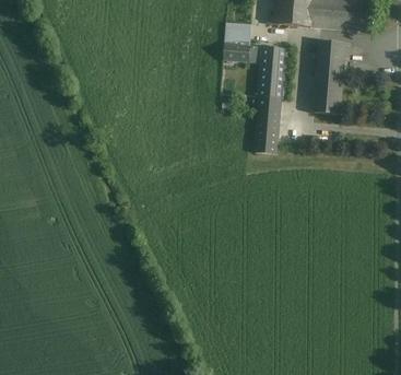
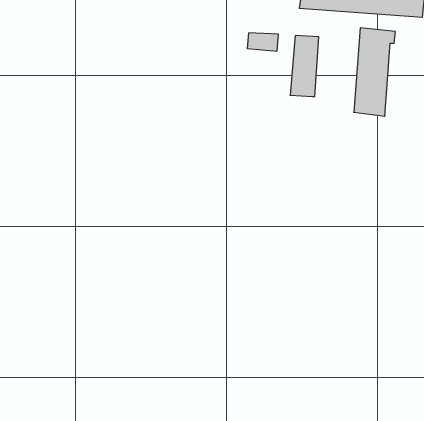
building: [225,22,251,43] -> none
building: [256,96,279,152] -> none

